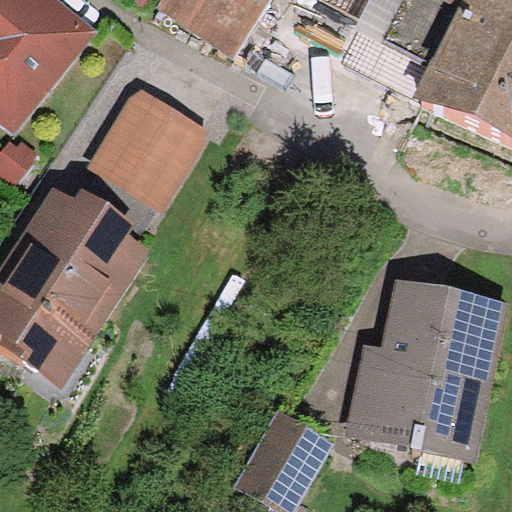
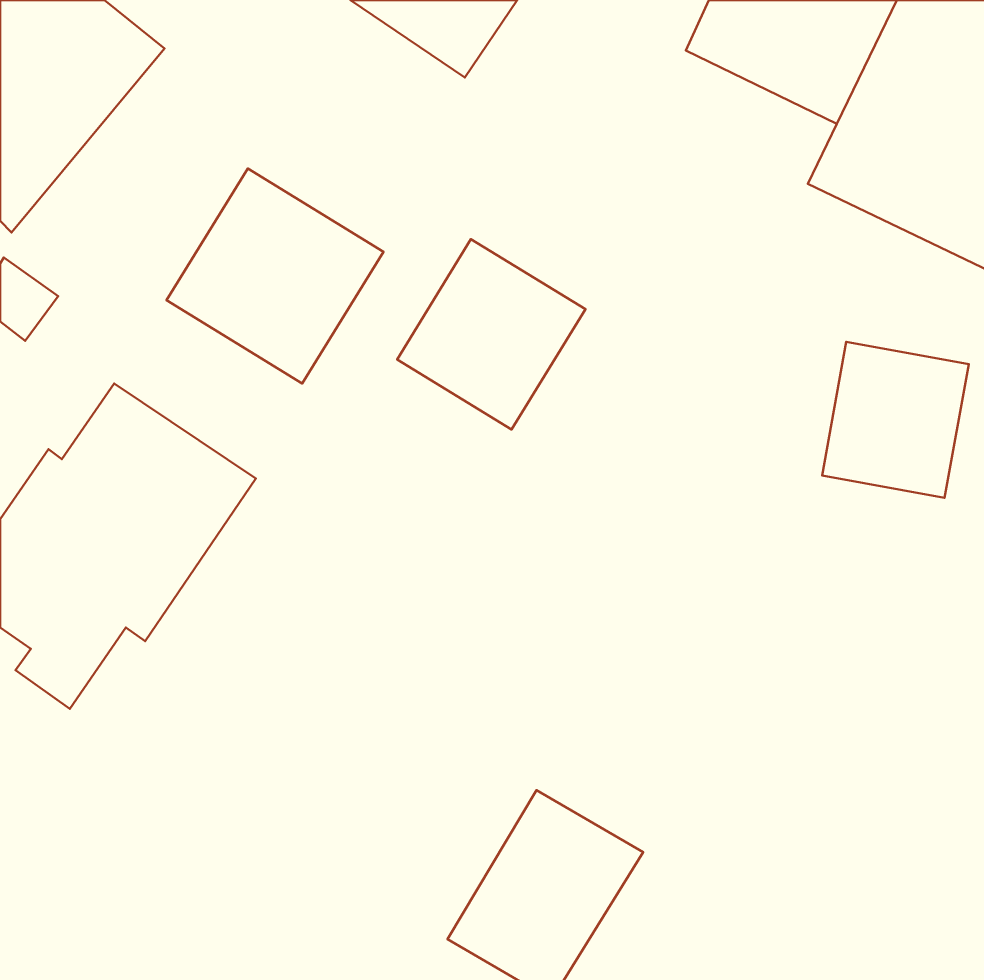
building: none -> [397,239,585,429]
building: none -> [822,342,969,498]
building: [353,286,493,441] -> none

